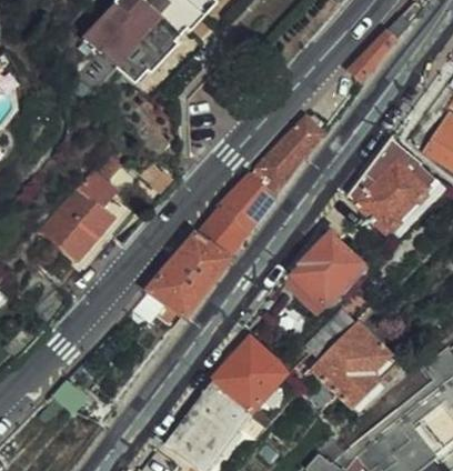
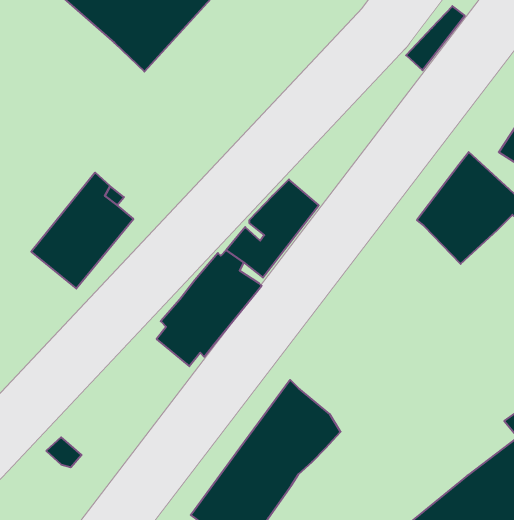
building: [251,116,322,193] -> none
building: [293,230,375,318] -> none
building: [319,324,405,412] -> none

